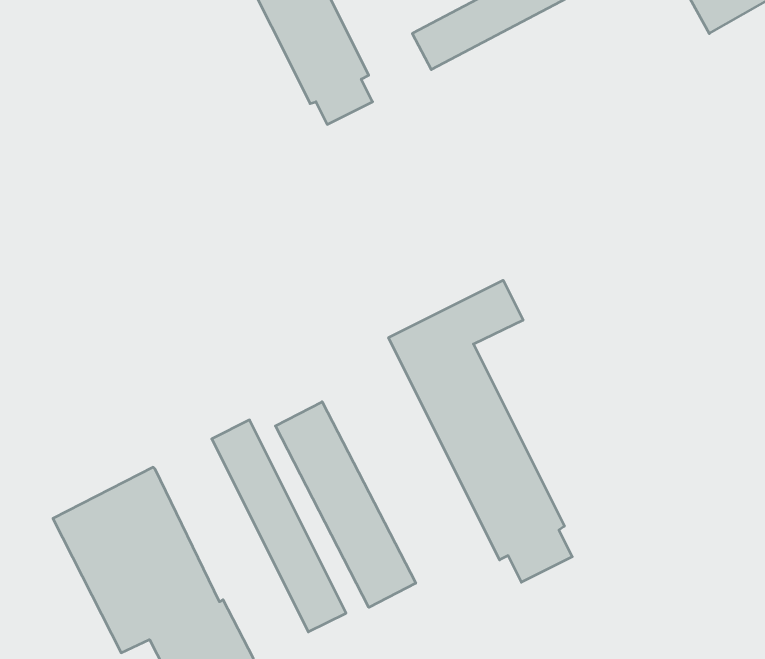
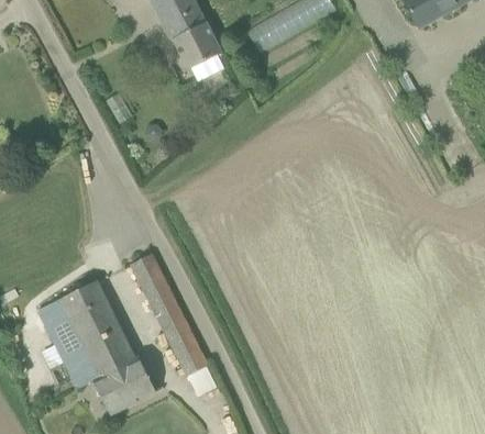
building: [389,280,572,582] -> none
building: [275,402,416,607] -> none

